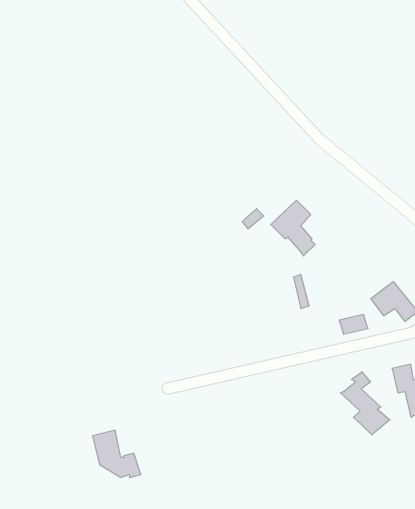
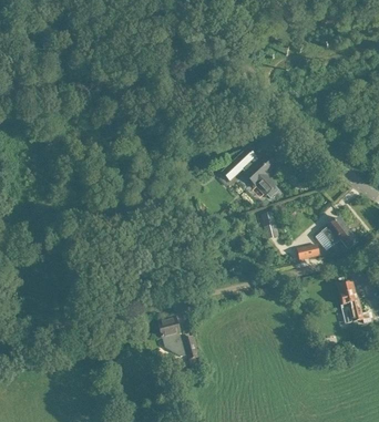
building: [340,372,390,435] -> none
building: [92,430,141,477] -> [157,320,195,357]

